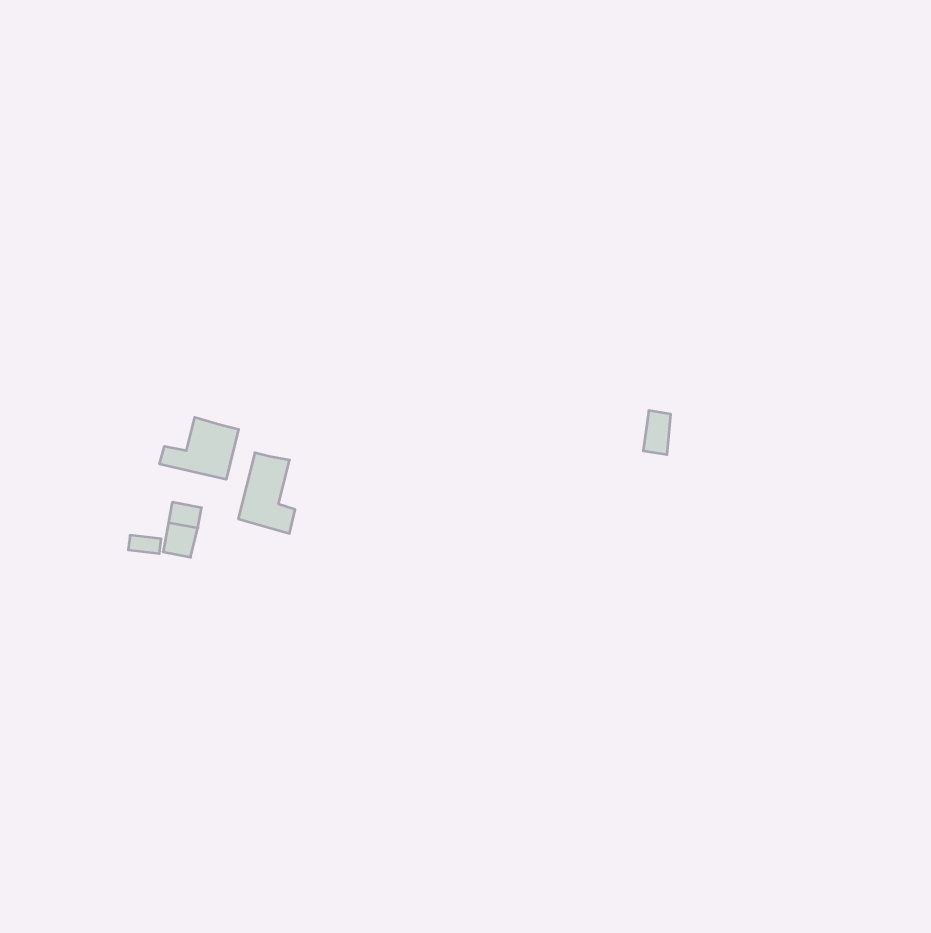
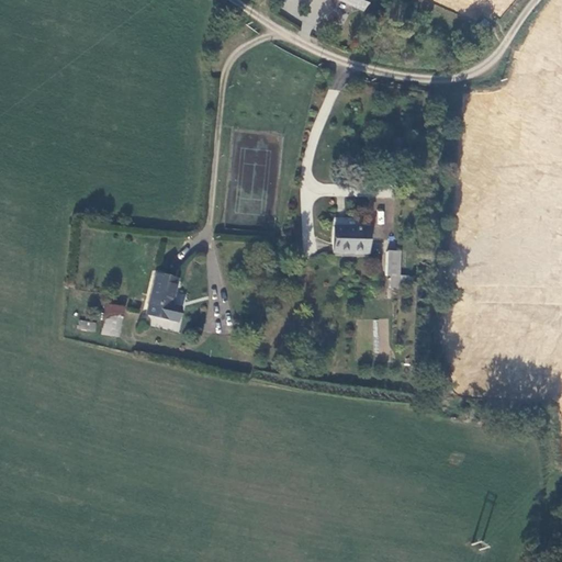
building: none -> [334,224,370,250]
building: [160,417,239,479] -> none

